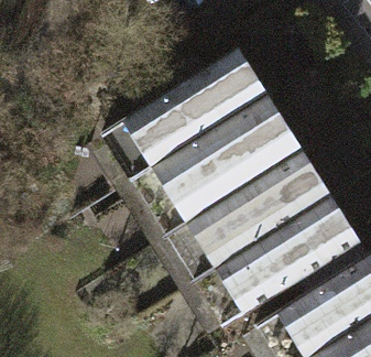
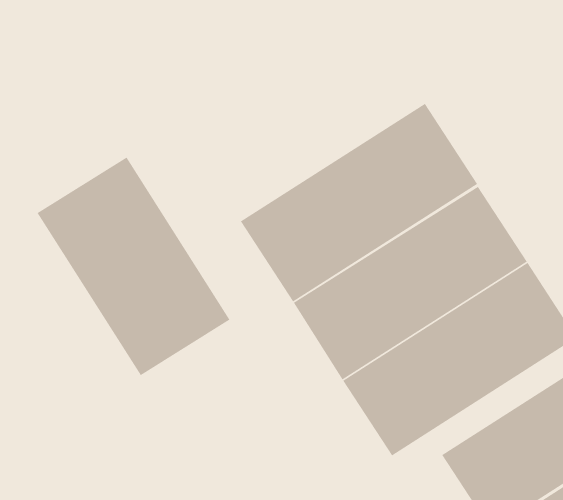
building: [120,52,266,173] -> none
building: none -> [36,156,231,376]

